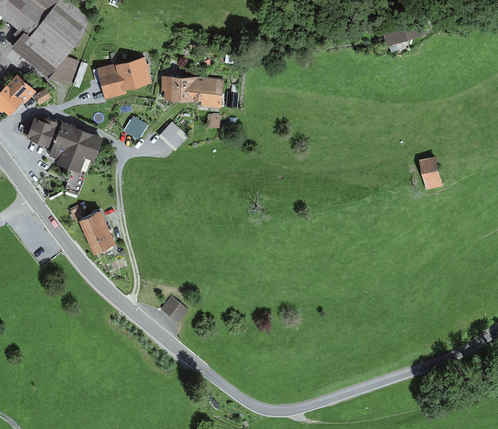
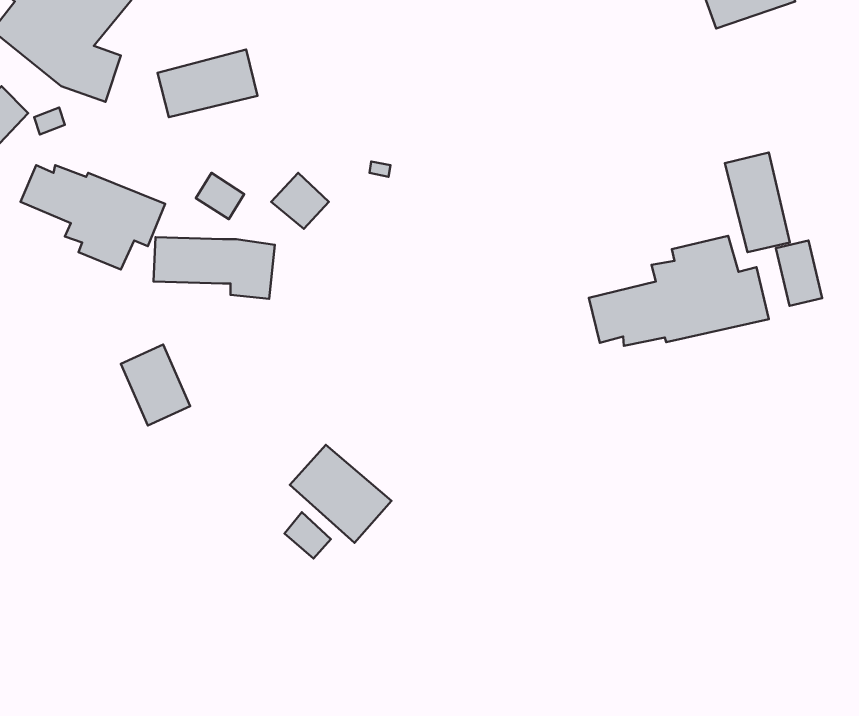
building: [162,76,225,108] -> [153,237,275,299]
building: none -> [725,152,790,252]
building: none -> [589,236,769,346]
building: none -> [290,445,391,543]

